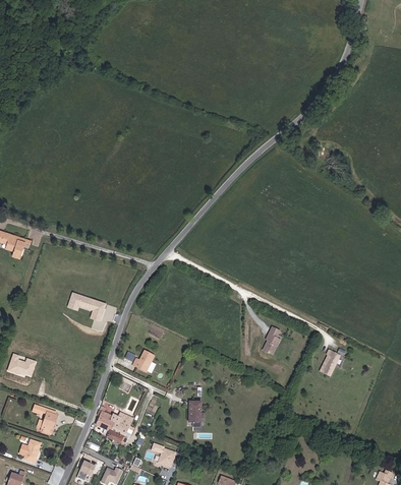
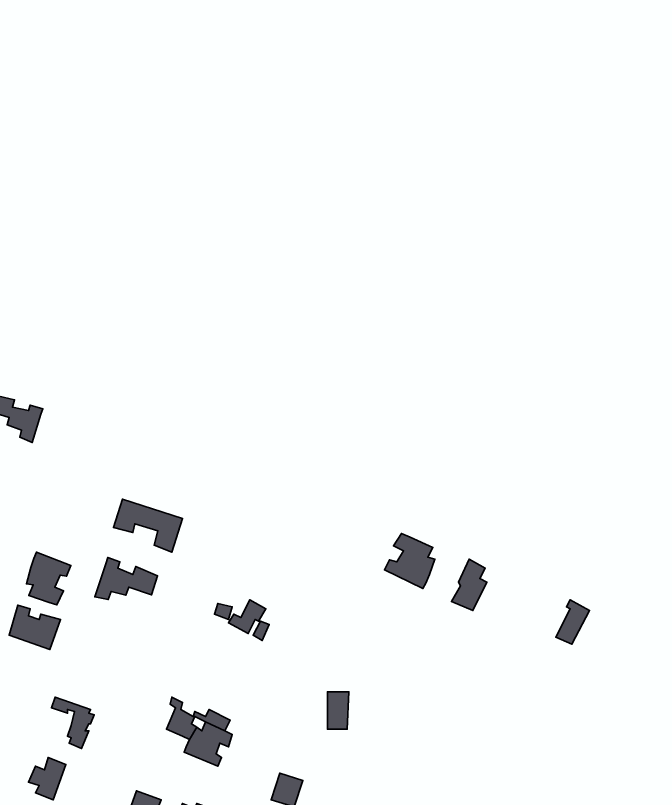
building: none -> [385,534,435,589]
building: none -> [27,552,71,605]
building: none -> [95,557,157,600]

